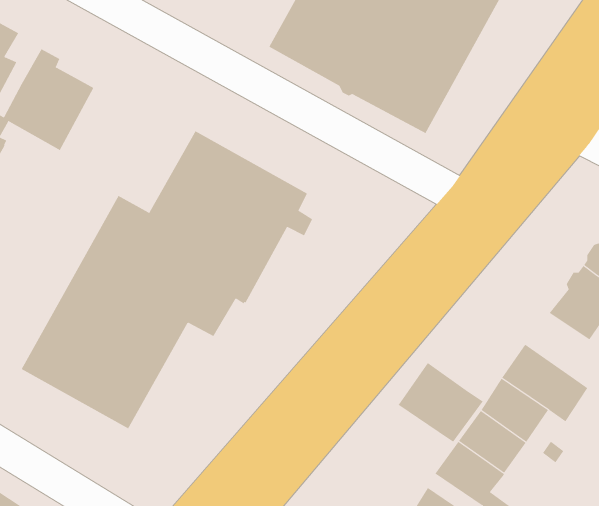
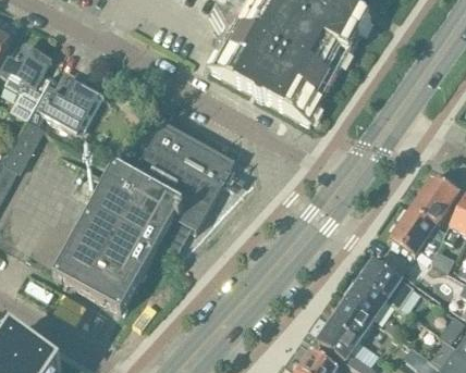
building: [398,362,483,443] -> none

